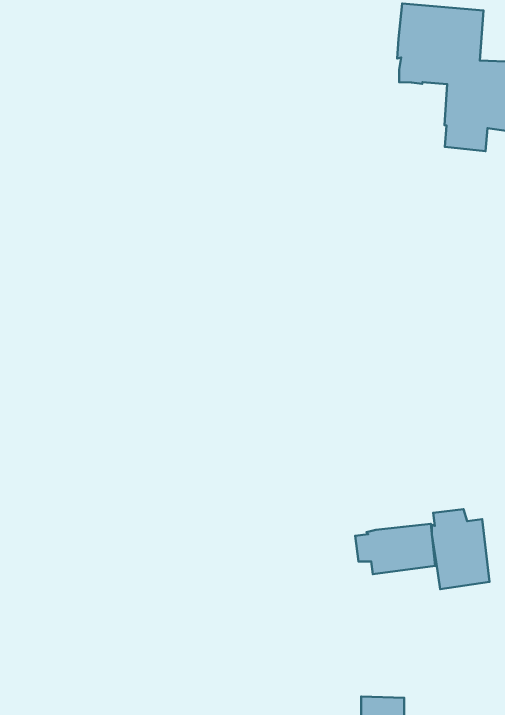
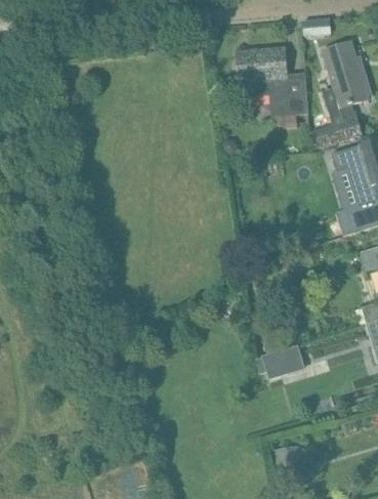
building: [432,509,490,589] -> none

